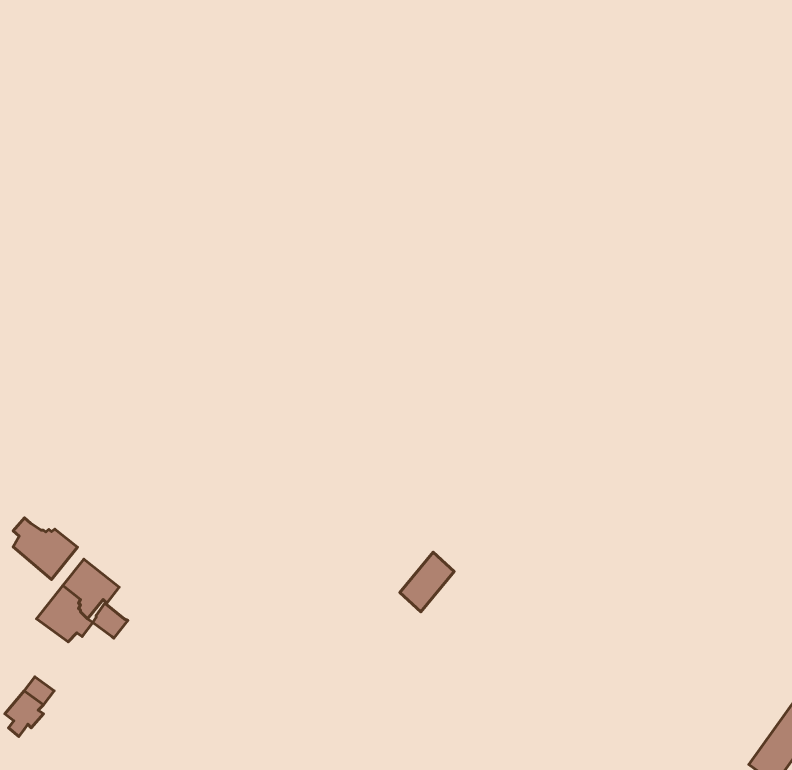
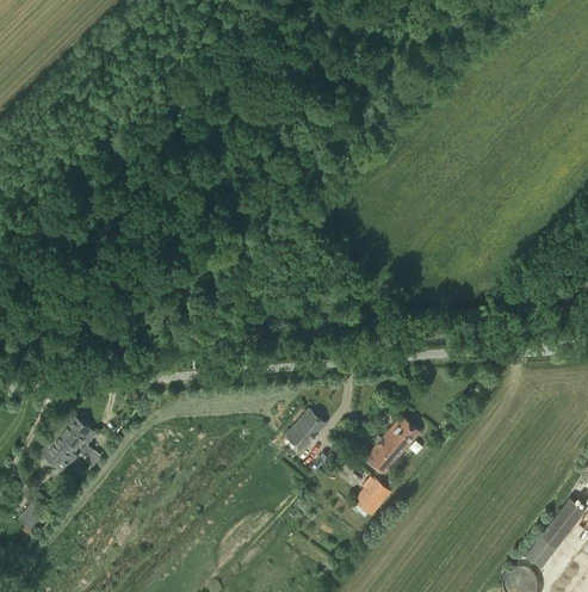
building: [13,518,78,580] -> none
building: none -> [365,418,420,476]
building: none -> [353,477,391,518]

